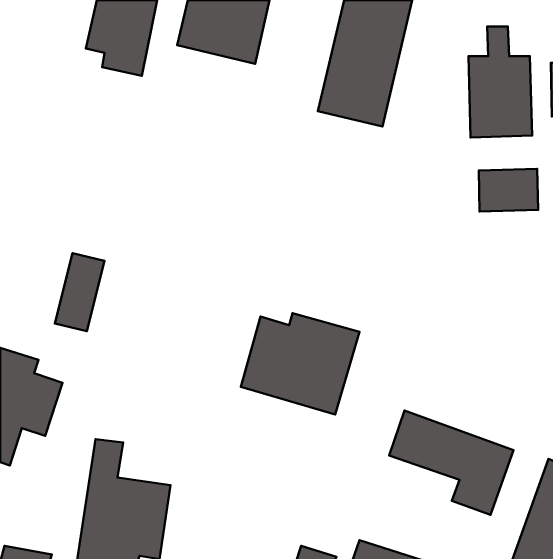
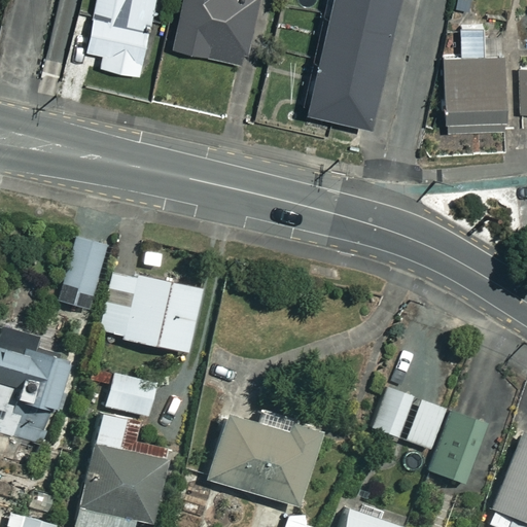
building: [479,169,538,211] -> none
building: none -> [103,273,201,352]
building: [241,313,359,414] -> [205,411,316,505]
building: none -> [105,373,155,416]

